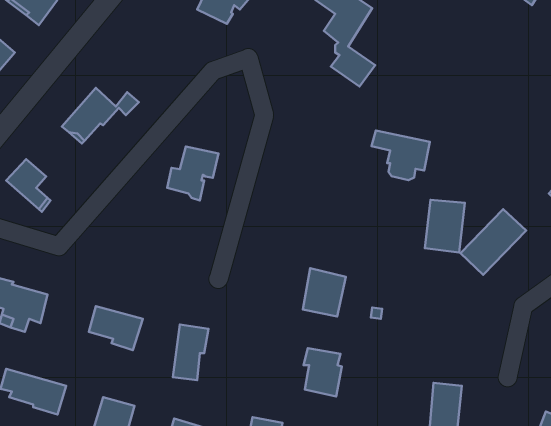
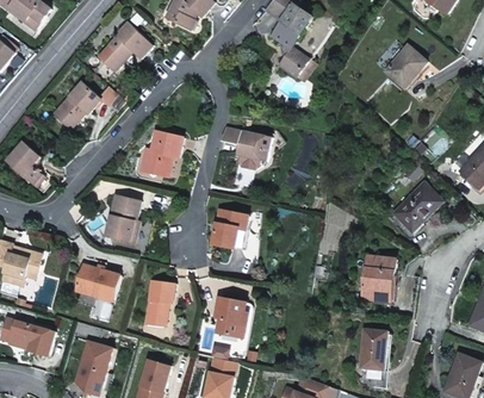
building: none -> [97,21,151,71]
building: none -> [385,44,427,87]
building: [371,130,430,180] -> [222,128,271,169]
building: [425,200,465,253] -> [362,256,396,300]
building: none -> [105,195,141,242]
building: [303,268,346,317] -> [212,209,248,249]
building: [303,348,342,396] -> [215,297,247,337]

